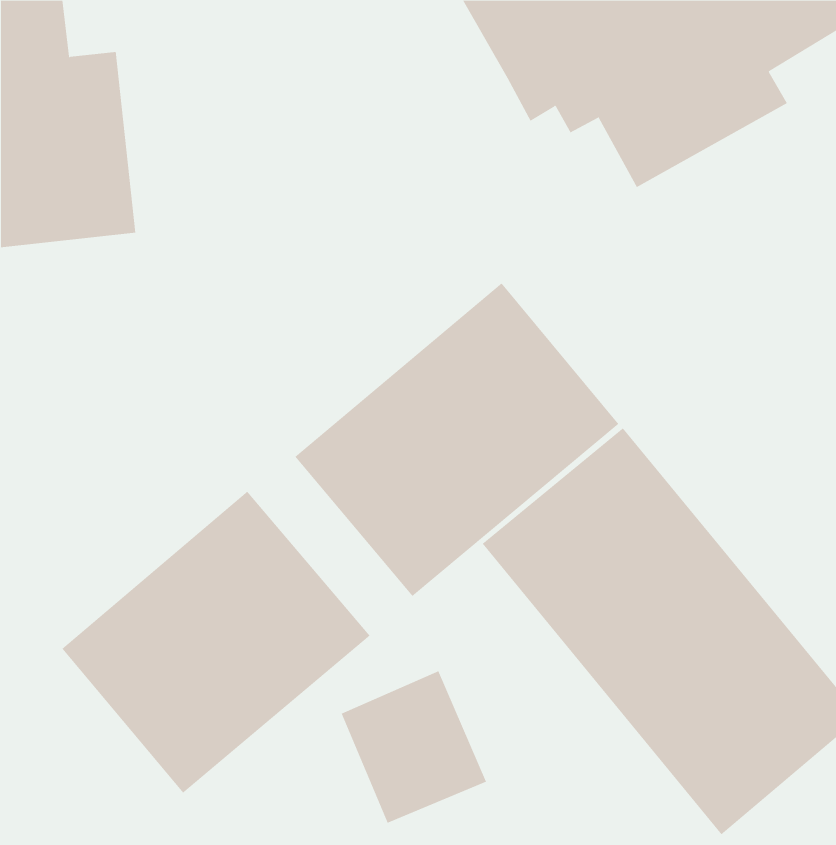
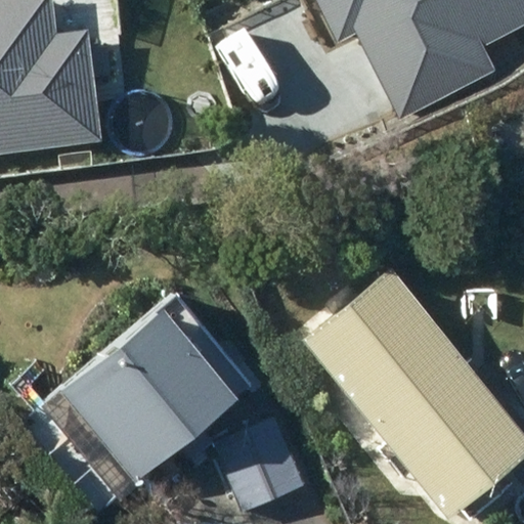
building: [295,282,619,597] -> none

